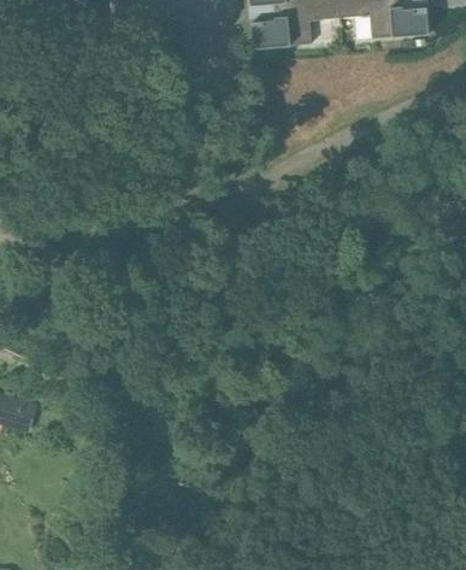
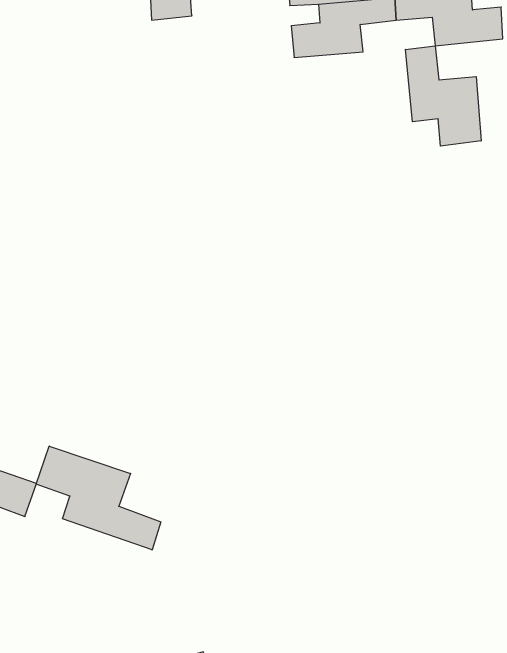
building: none -> [406,46,481,146]
building: none -> [36,446,161,550]

